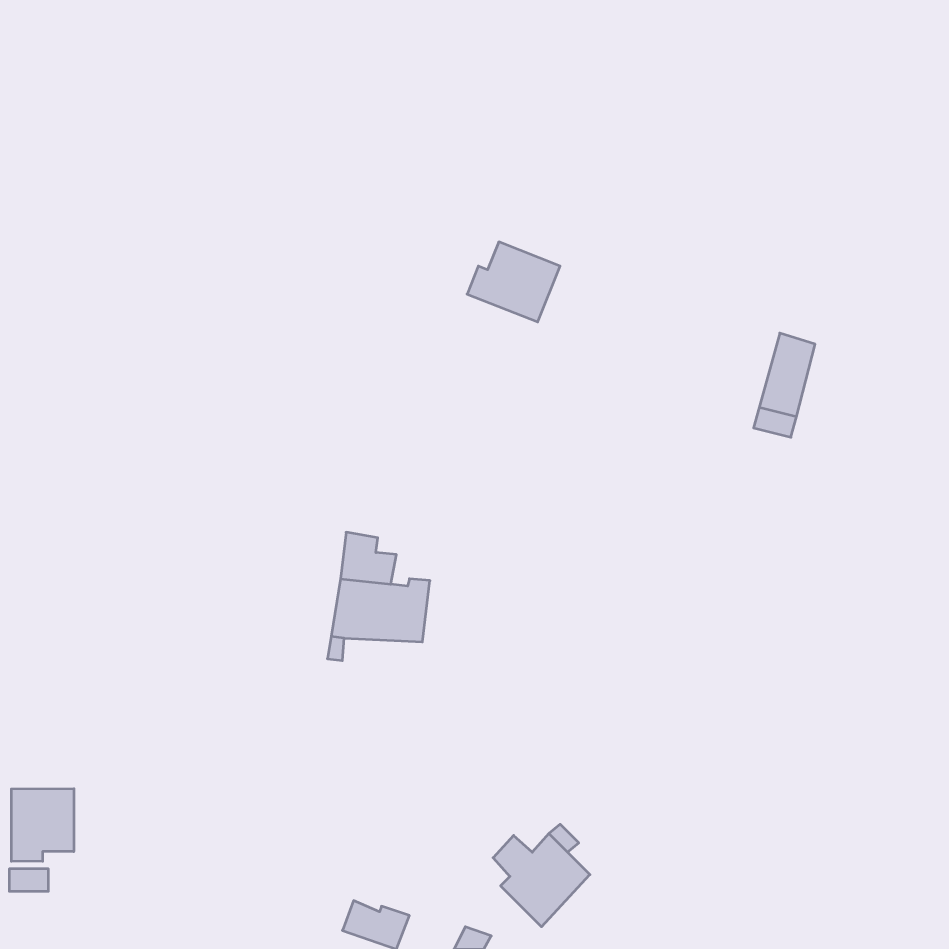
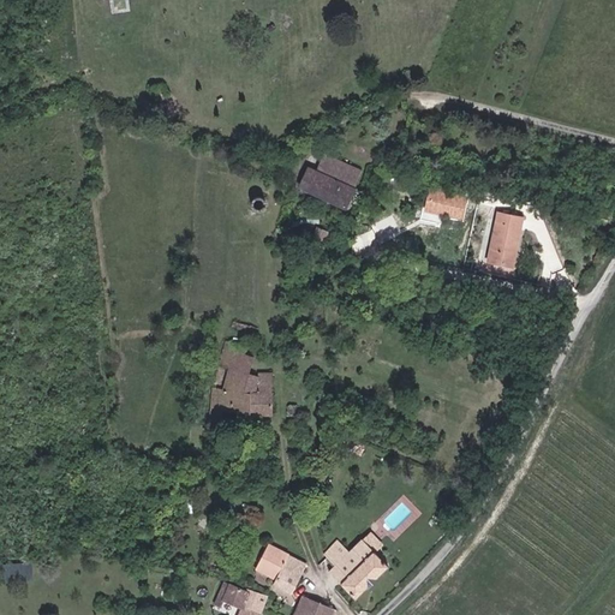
building: none -> [425,189,468,215]
building: [11,789,74,861] -> none
building: none -> [253,547,297,592]

